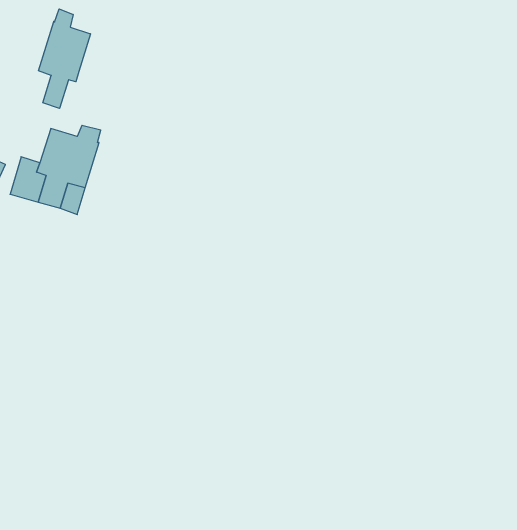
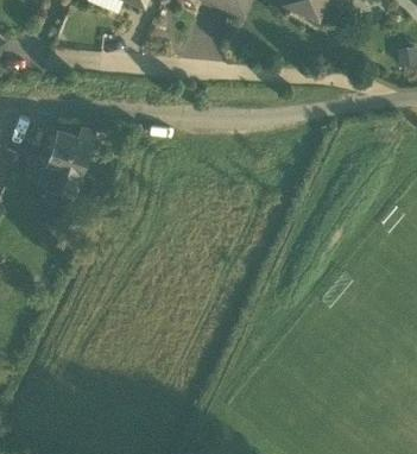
building: [38,9,90,108] -> none

